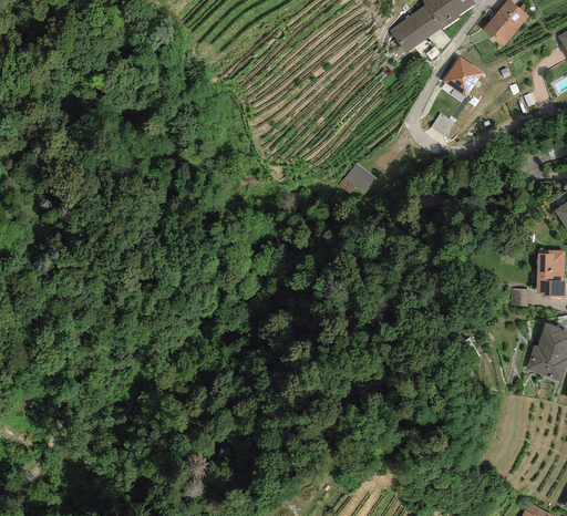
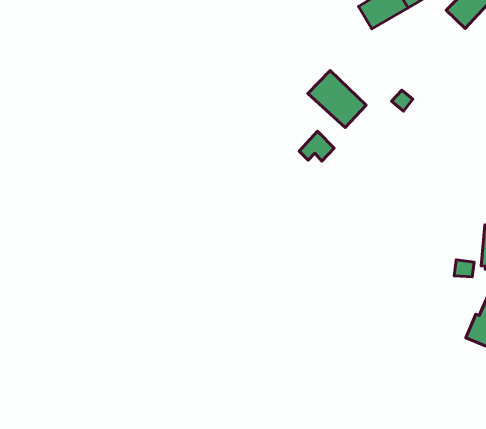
building: [443,55,484,96] -> none
building: none -> [308,70,366,127]

